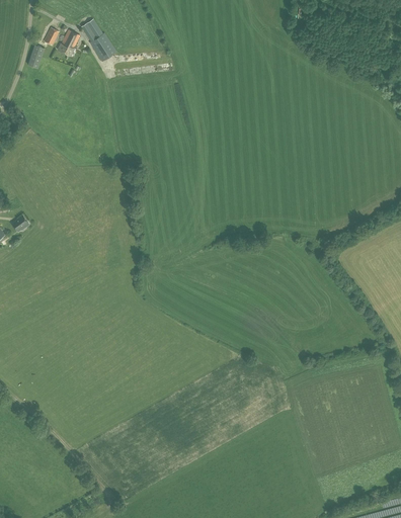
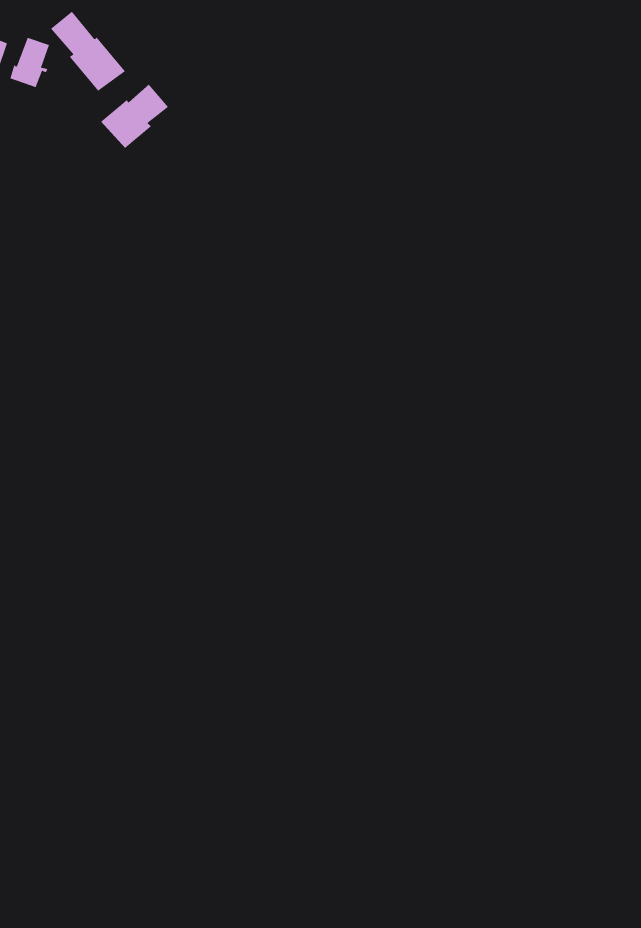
building: none -> [100,84,169,149]

